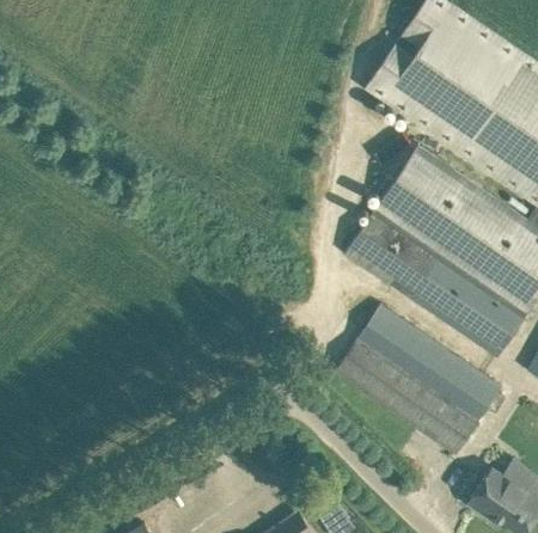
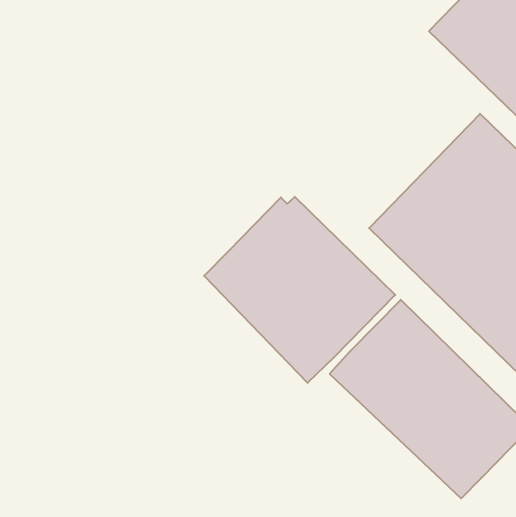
building: none -> [204,197,395,383]

